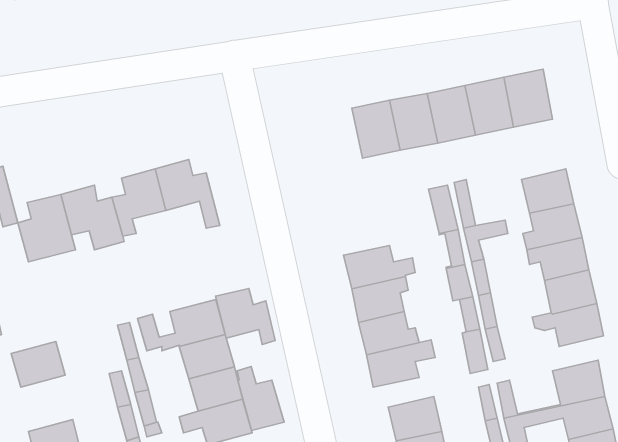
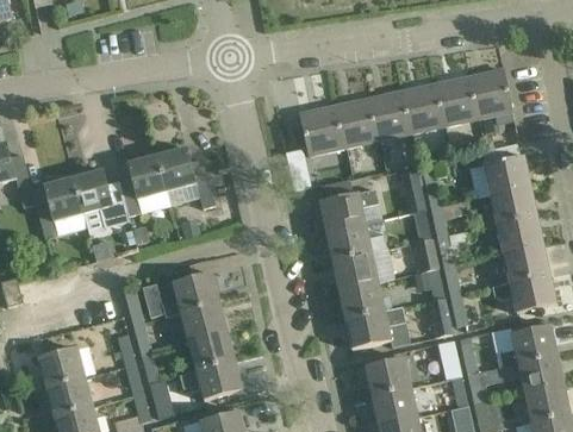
building: none -> [298,102,342,154]
building: none -> [318,189,379,232]
building: [216,289,275,344] -> none
building: [11,341,65,387] -> [38,348,86,388]
building: [237,367,284,431] -> none

